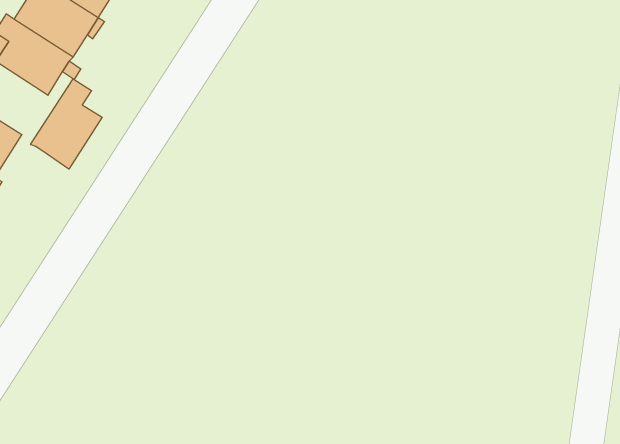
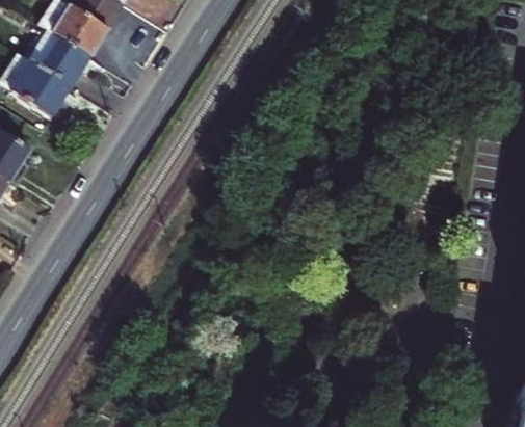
building: [31,79,102,169] -> none

